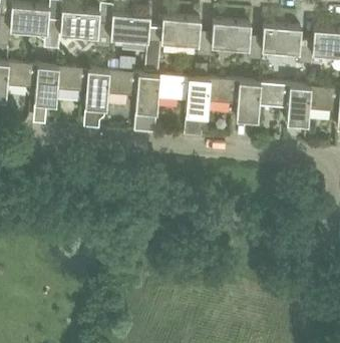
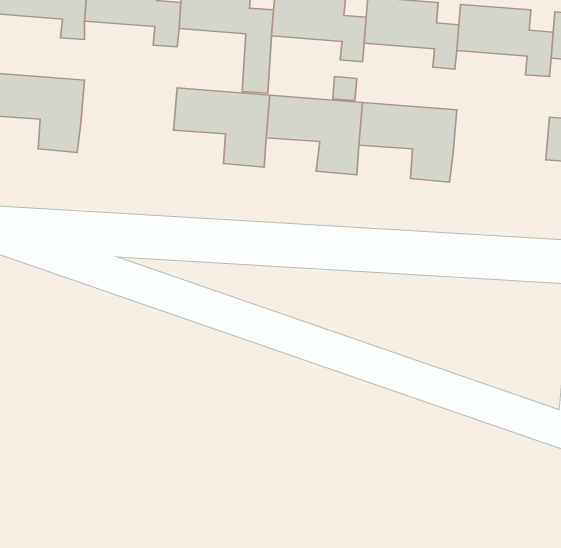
building: [58,69,110,112] -> none
building: [260,85,312,128] -> none

